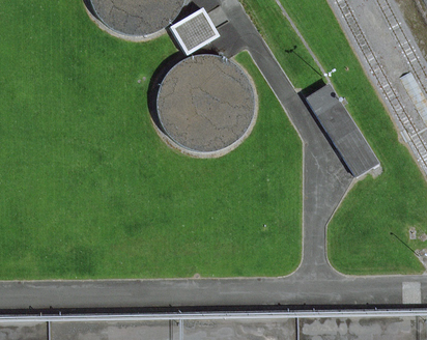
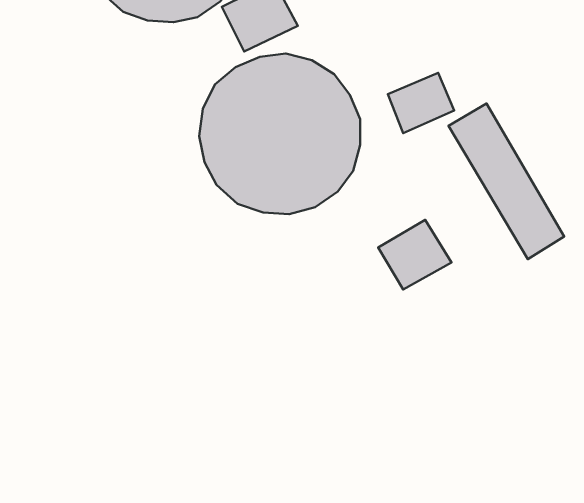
building: none -> [388,73,454,133]
building: none -> [378,220,451,290]

